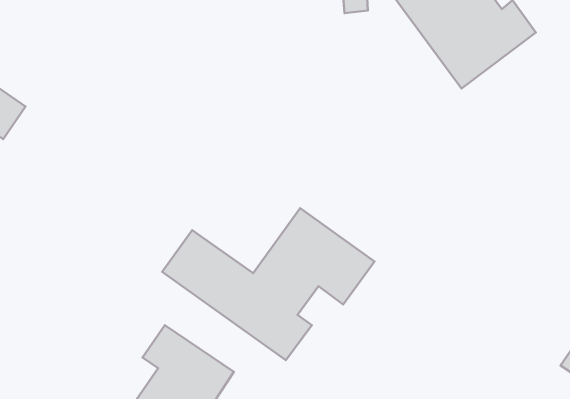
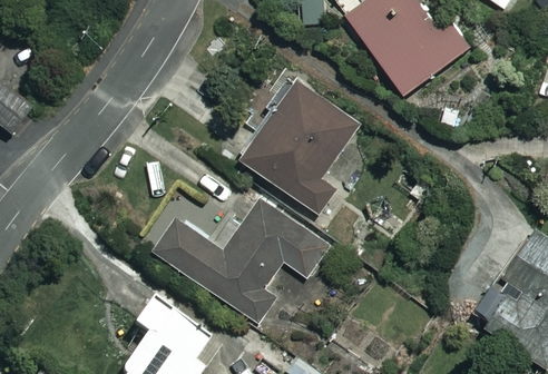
building: none -> [241,79,360,211]

